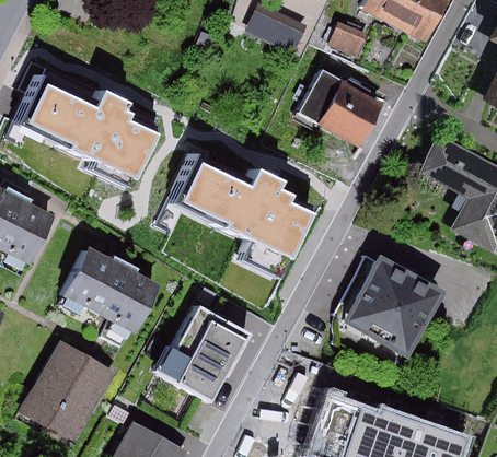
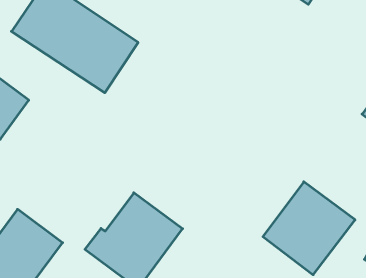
building: [298,71,382,148] -> none
building: [175,155,312,260] -> none
building: [62,246,160,331] -> none

